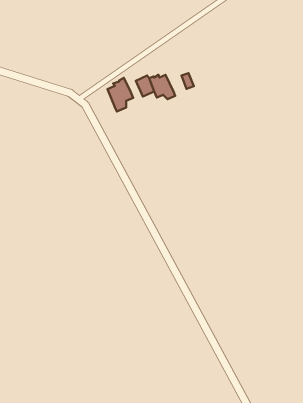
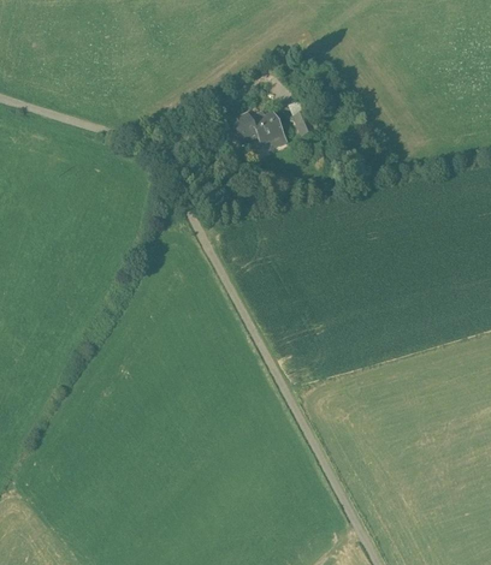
building: [108,78,133,111] -> none

